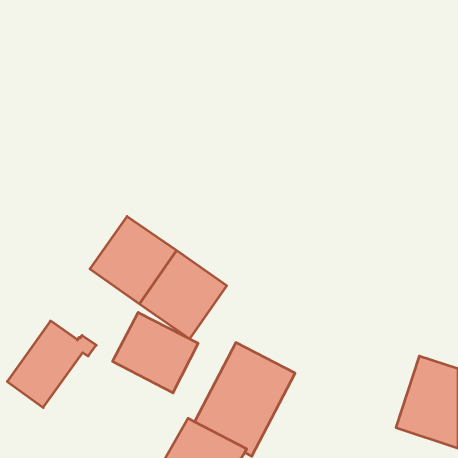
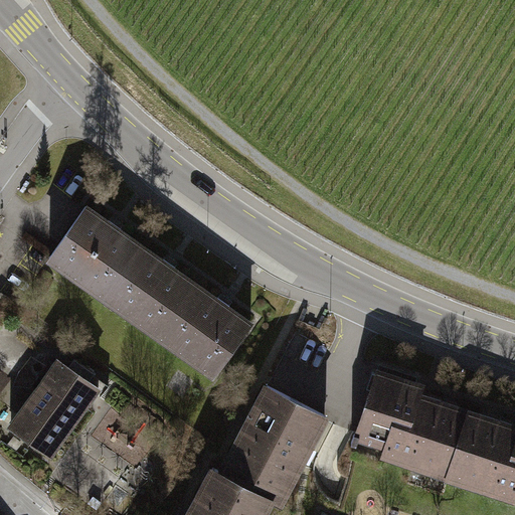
building: none -> [44,204,142,303]
building: [113,312,198,393] -> none
building: none -> [351,370,469,480]

